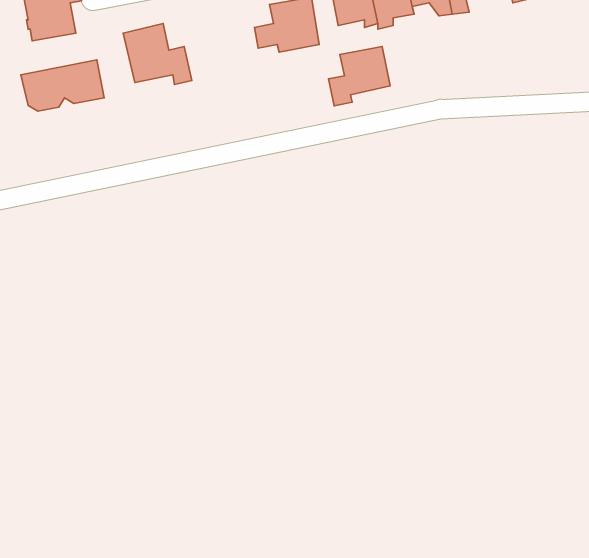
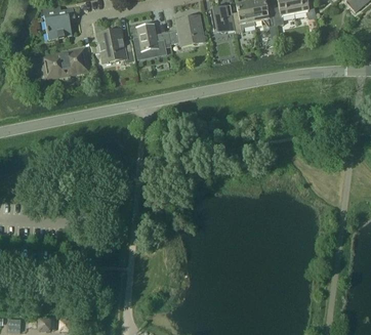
building: none -> [134,23,171,54]
building: [328,46,390,106] -> none

